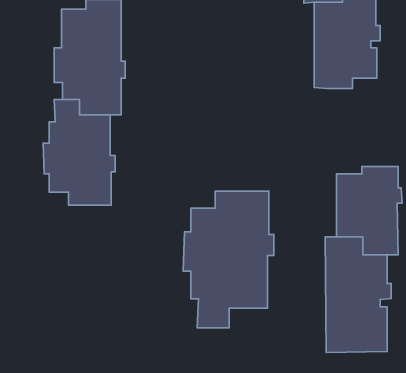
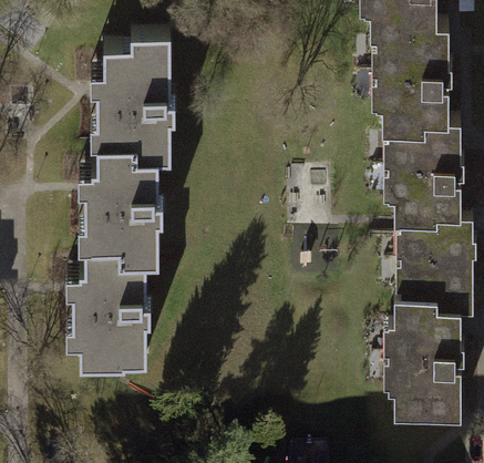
building: none -> [393,127,463,233]
building: [183,191,274,328] -> none
building: none -> [72,250,150,372]

